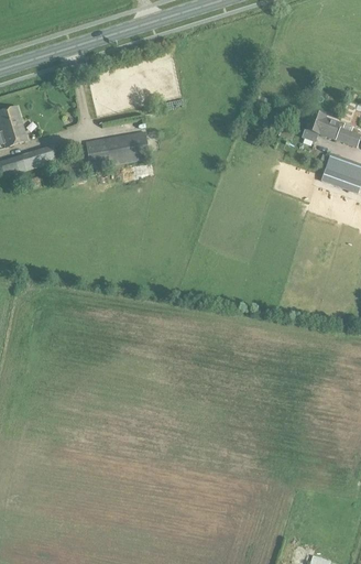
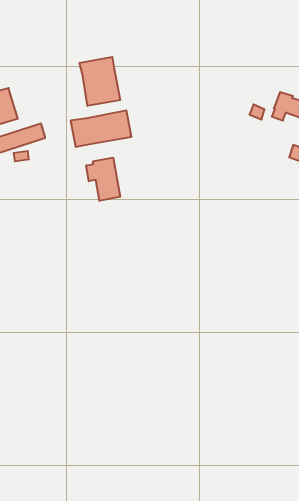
building: none -> [80,57,120,106]
building: none -> [86,158,120,201]

